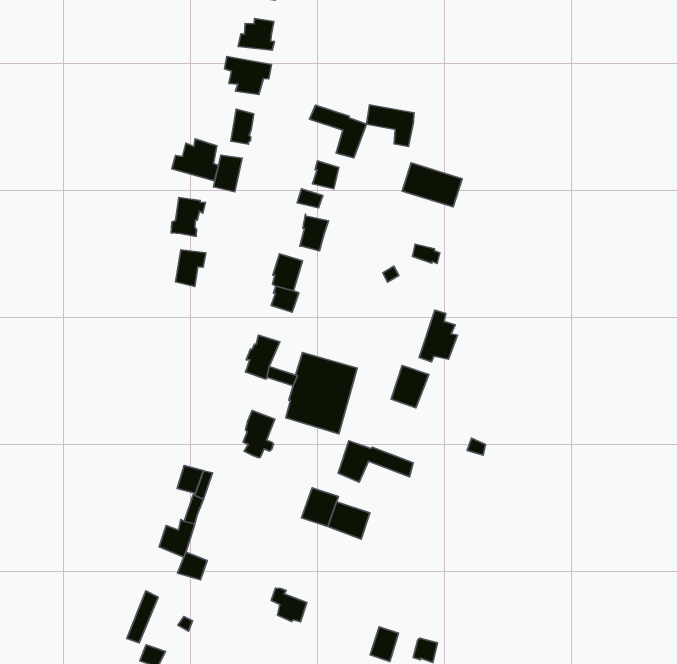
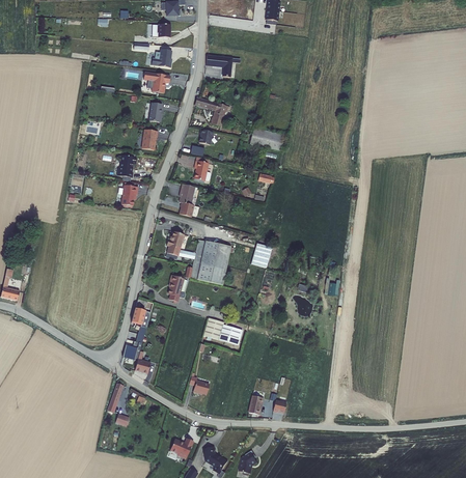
building: [367,105,414,147] -> [205,54,232,77]
building: [172,139,218,181] -> none
building: [419,310,458,362] -> none
building: [338,441,413,482] -> none

